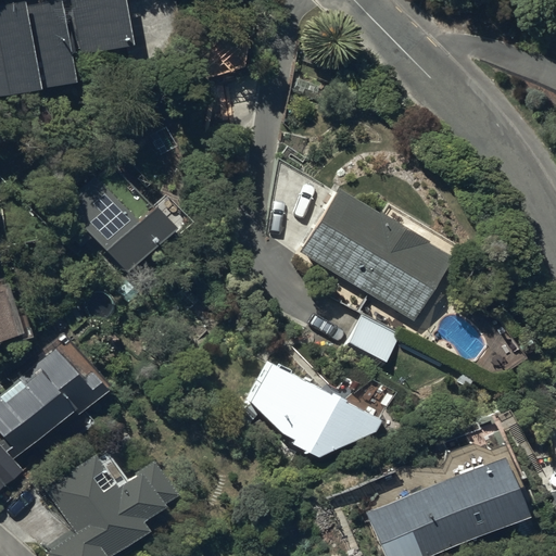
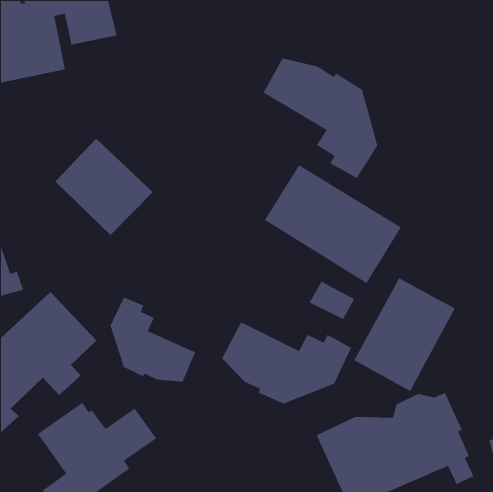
building: none -> [263,57,378,179]
building: none -> [353,277,456,392]
building: none -> [110,296,196,382]

